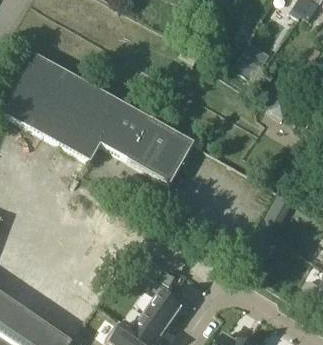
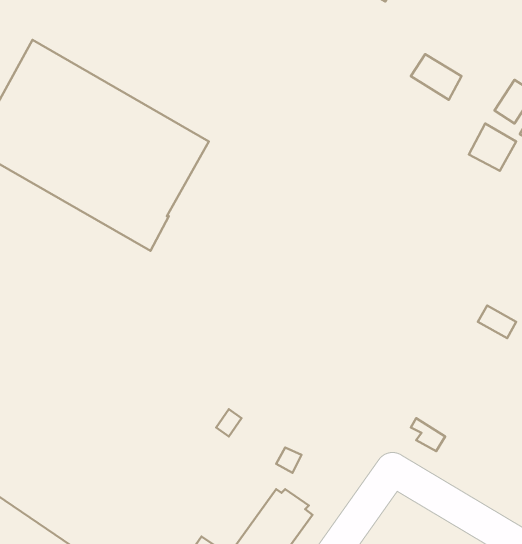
building: [101,102,195,184] -> none

